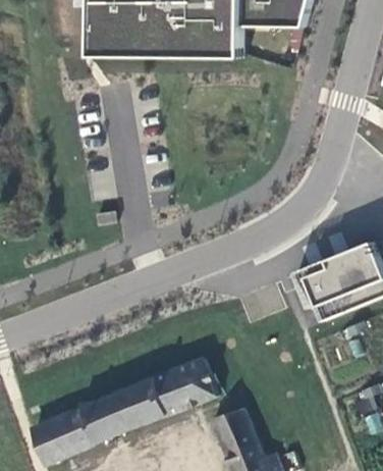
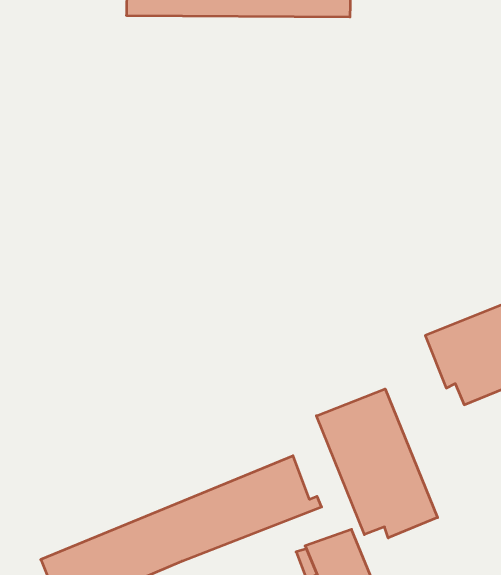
building: none -> [316,389,438,538]

